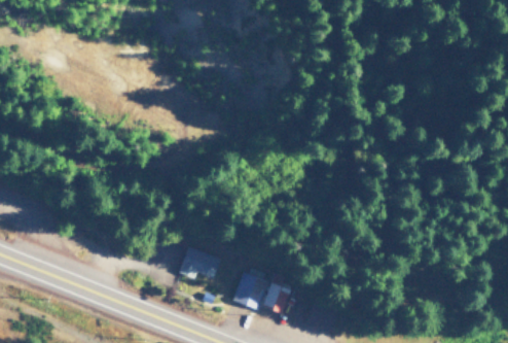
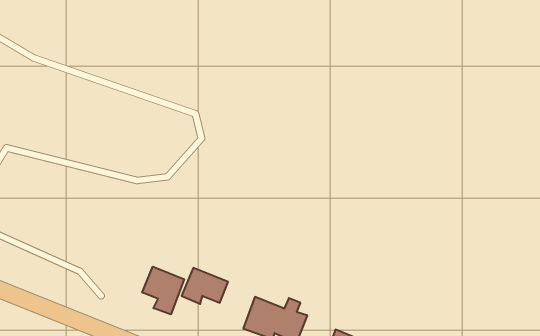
building: none -> [142,267,184,314]

